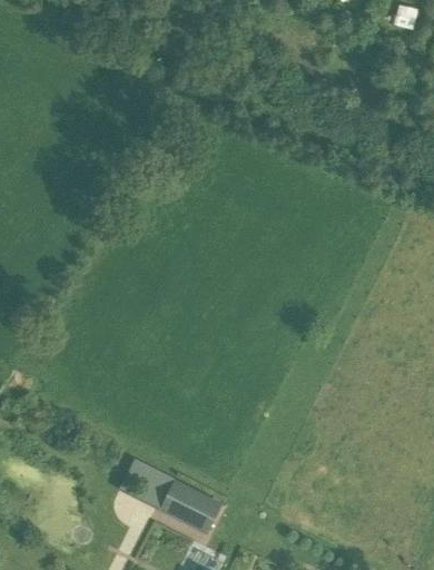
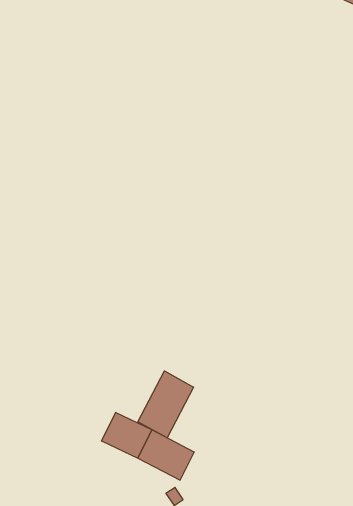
building: none -> [138,371,194,438]

